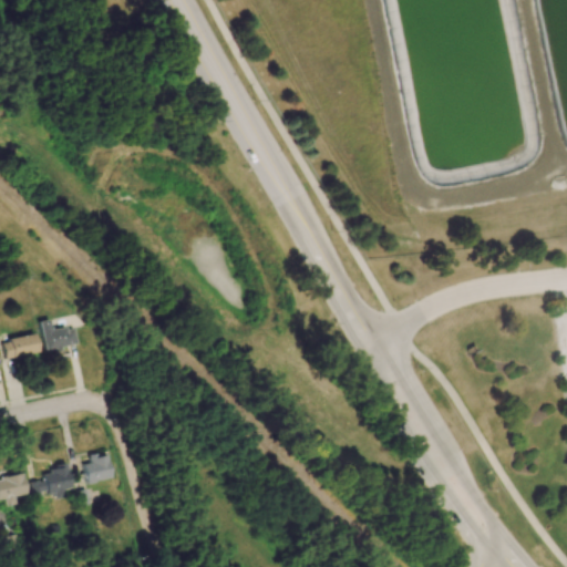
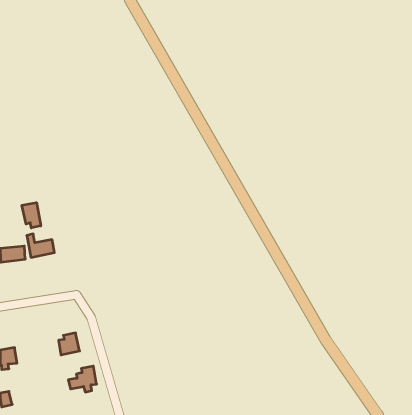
building: none -> [22,203,41,228]
building: [33,464,72,499] -> [68,366,97,392]

